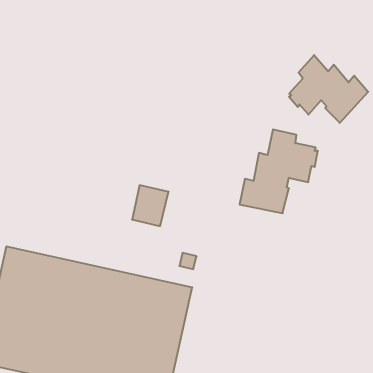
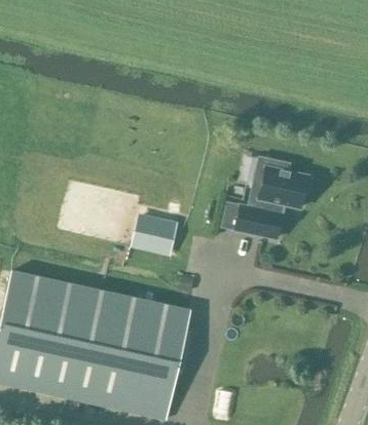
building: [289,55,368,123] -> none

